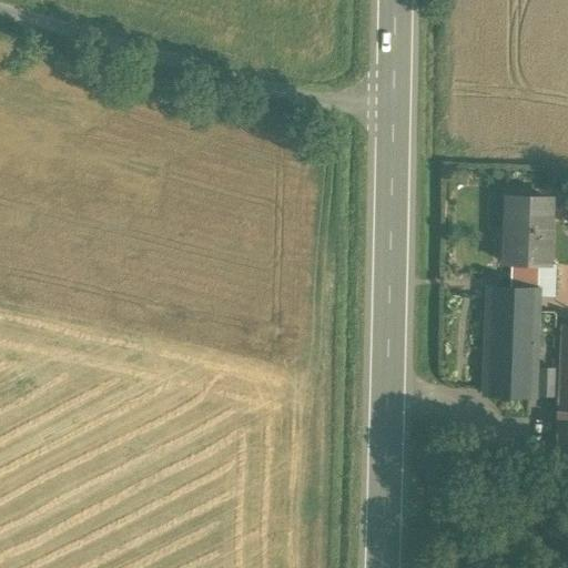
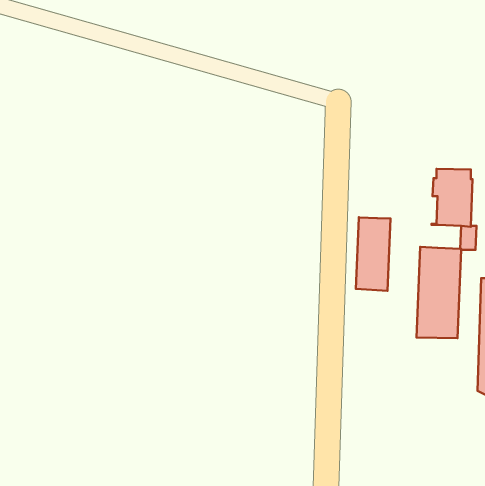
building: none -> [356,217,390,291]
building: [511,262,539,290] -> none

